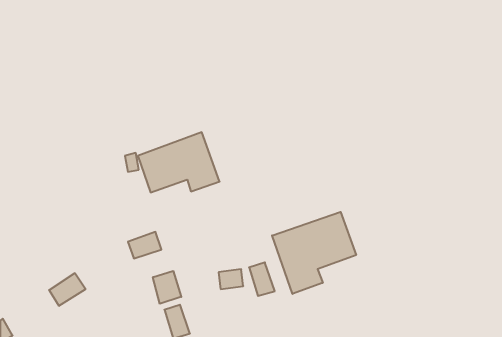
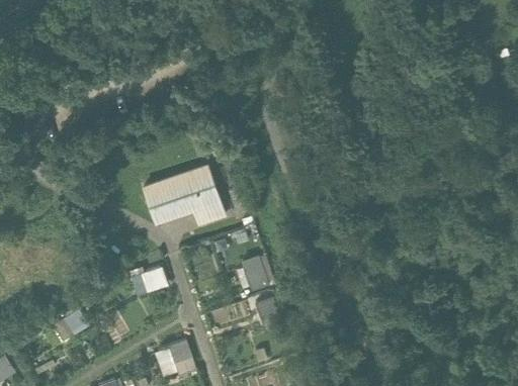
building: [272,212,356,294] -> none
building: none -> [243,256,269,290]
building: [153,271,181,304] -> none

